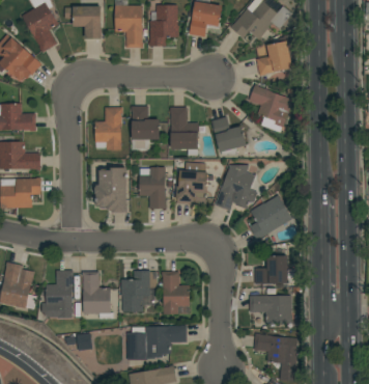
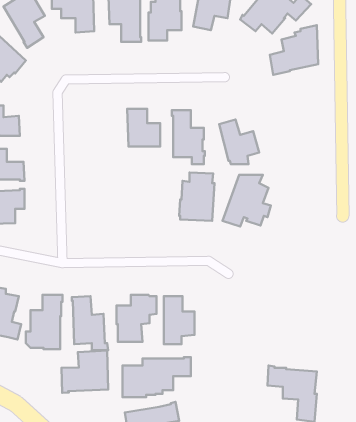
building: [249,83,293,131] -> none
building: [95,107,123,149] -> none
building: [139,166,166,208] -> none
building: [94,167,127,212] -> none
building: [249,194,292,241] -> none
building: [255,255,288,286] -> none
building: [250,295,291,323] -> none
building: none -> [61,350,108,393]

